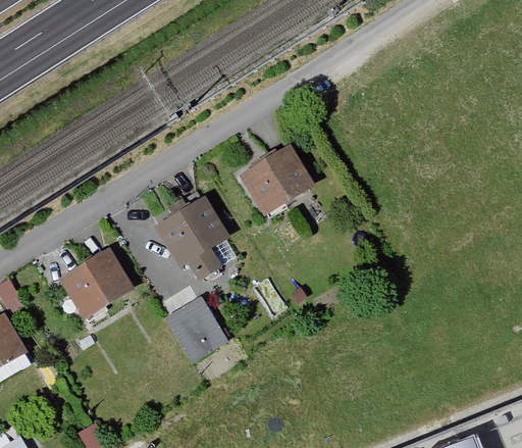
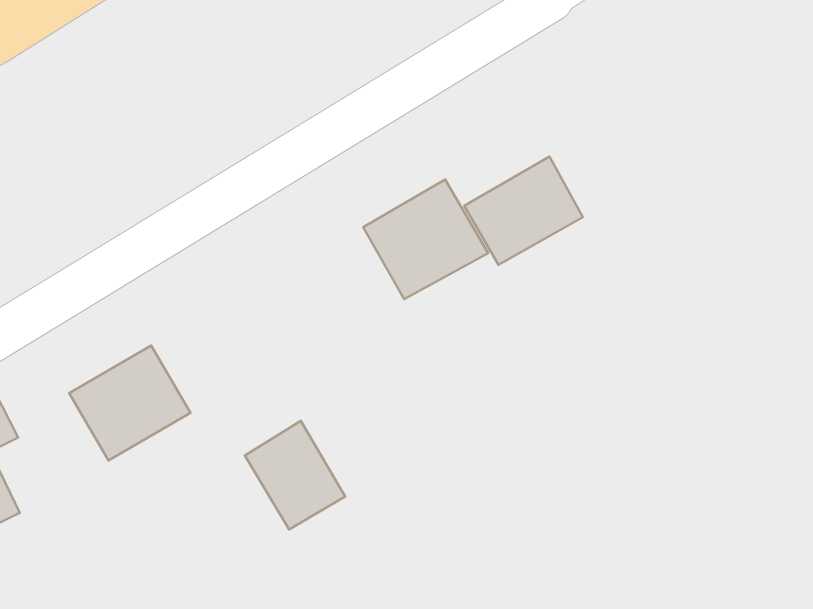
building: none -> [464,156,583,265]
building: [151,195,241,278] -> none

